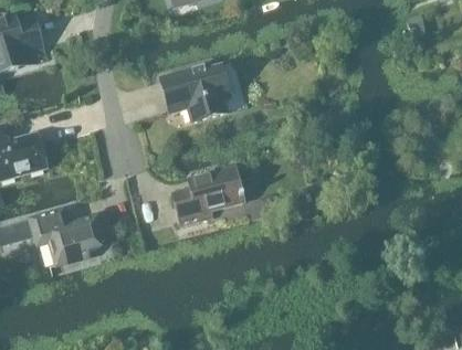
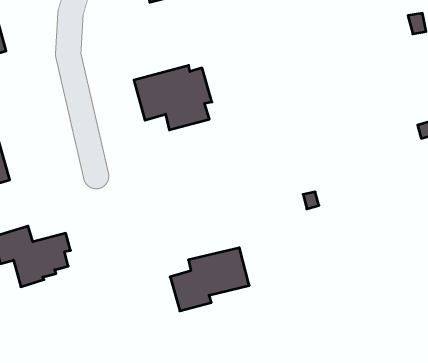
building: [172,167,244,224] -> [170,248,249,311]

